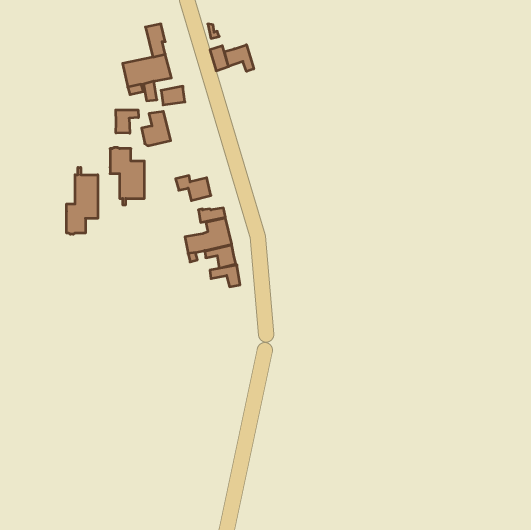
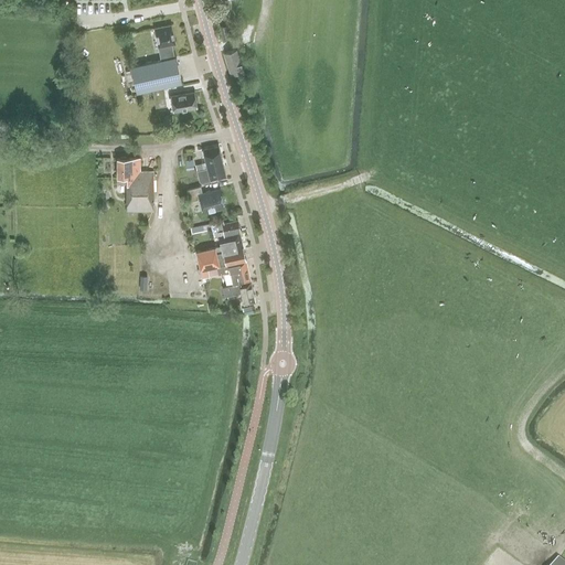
building: [225,45,254,71] -> none
building: [116,110,138,133] -> none
building: [142,111,171,146] -> [195,148,226,184]
building: [67,167,98,234] -> none

